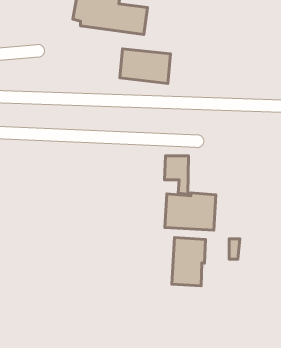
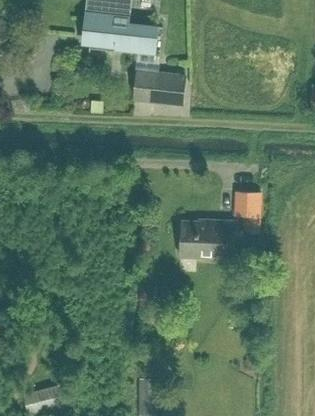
building: [165,156,189,194] -> [231,191,256,231]
building: [172,237,205,286] -> none

